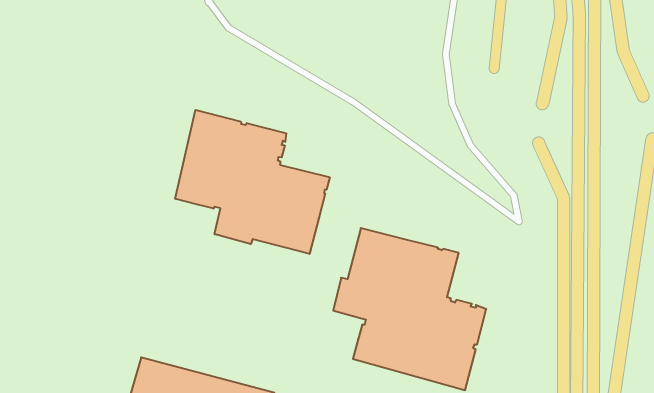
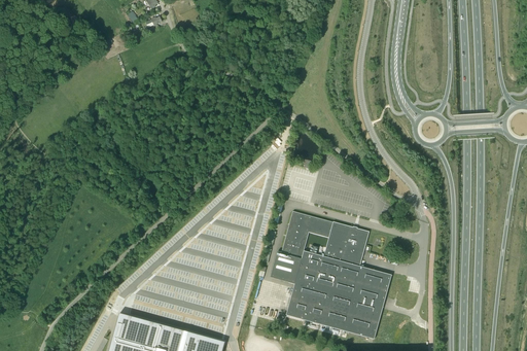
building: [175,110,330,254] -> none

